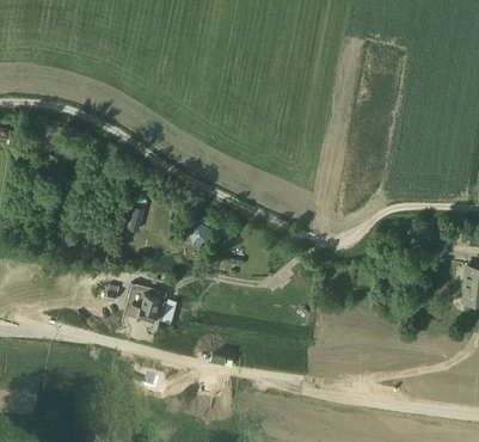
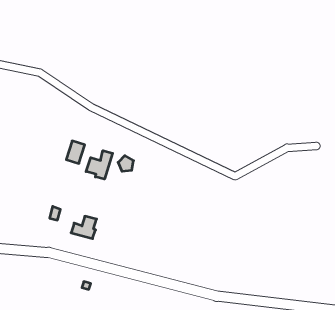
building: none -> [86,151,113,179]

